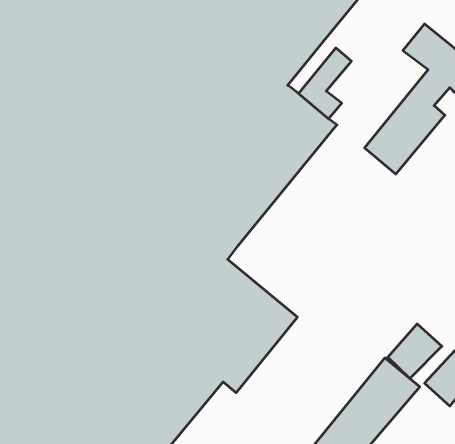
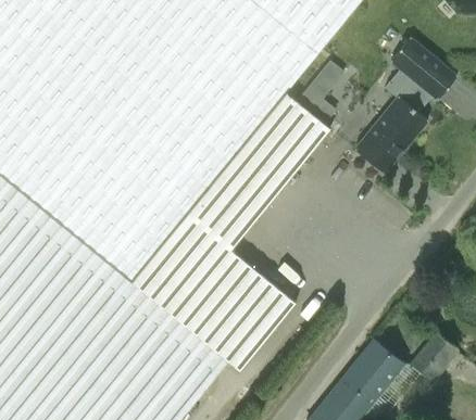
building: [388,324,442,379] -> none

